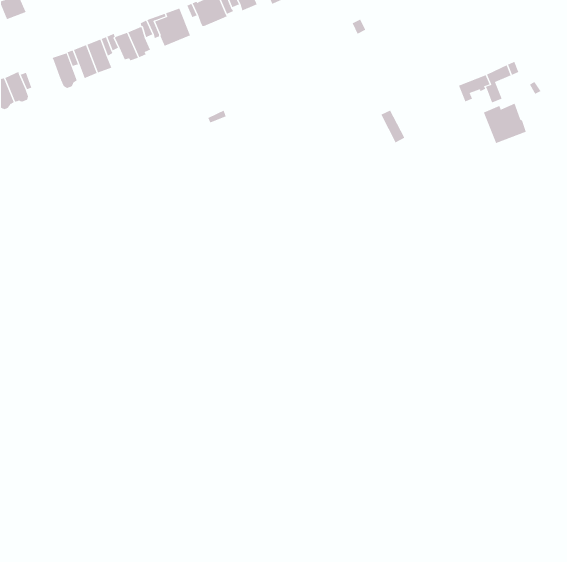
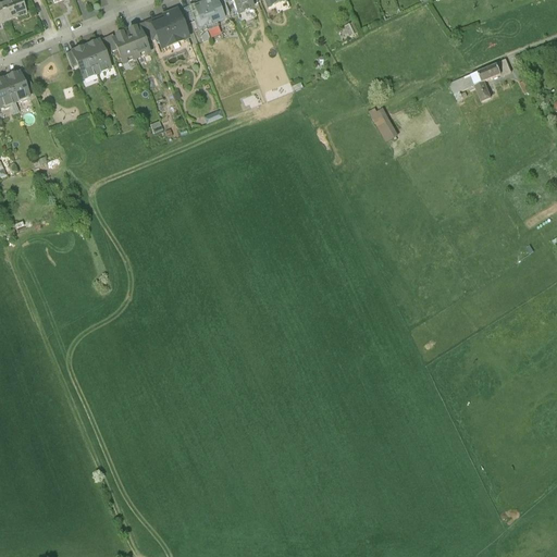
building: [52,52,78,89] -> none
building: [483,103,527,144] -> none

